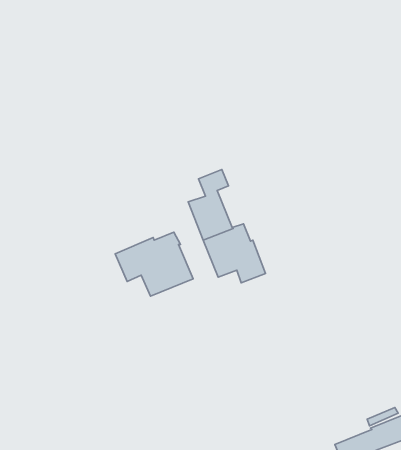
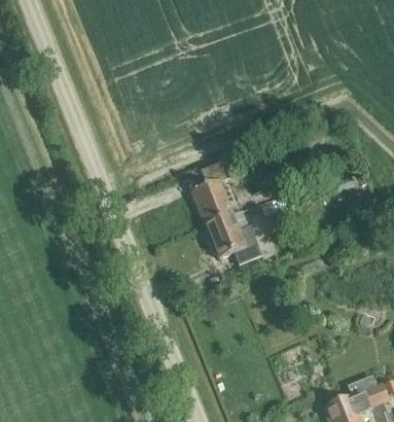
building: [115,232,193,296] -> none

